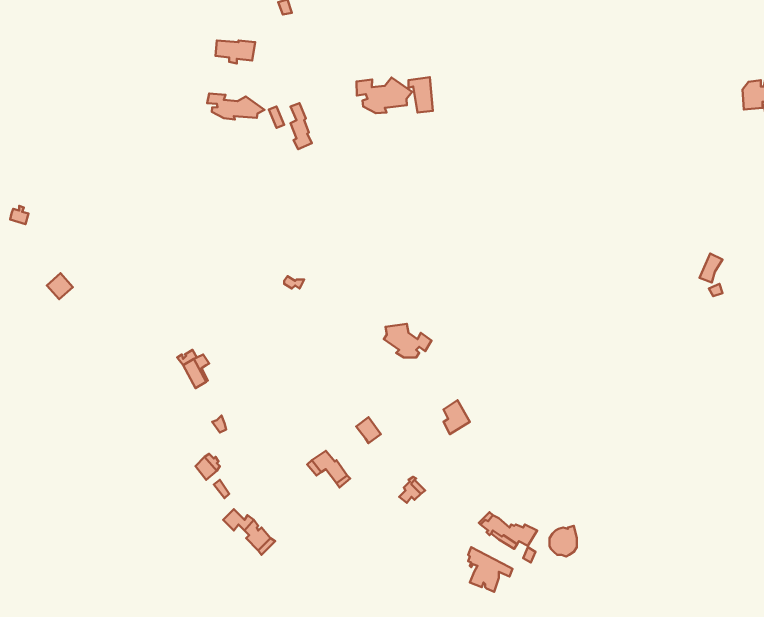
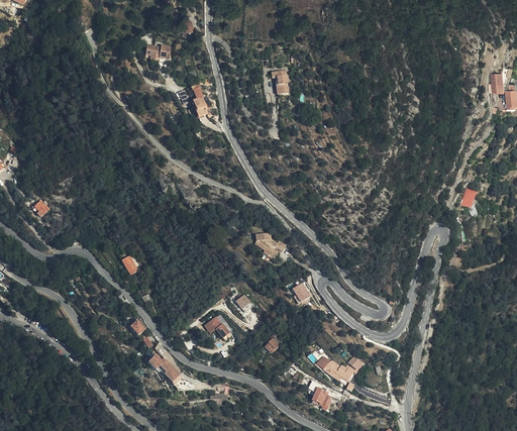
building: [357,77,412,113] -> none
building: [207,94,265,120] -> none

